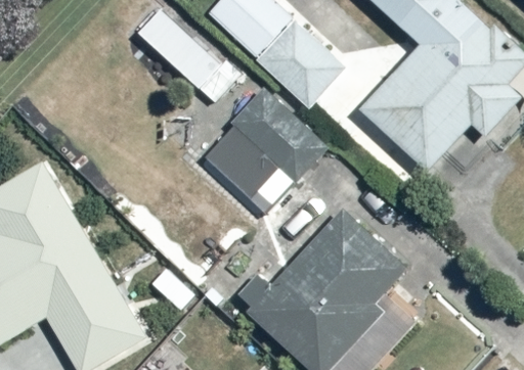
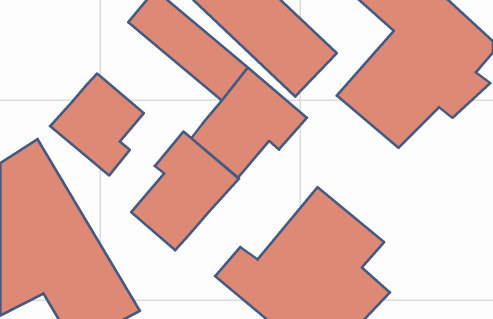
building: none -> [50,74,144,175]
building: none -> [131,132,239,250]

